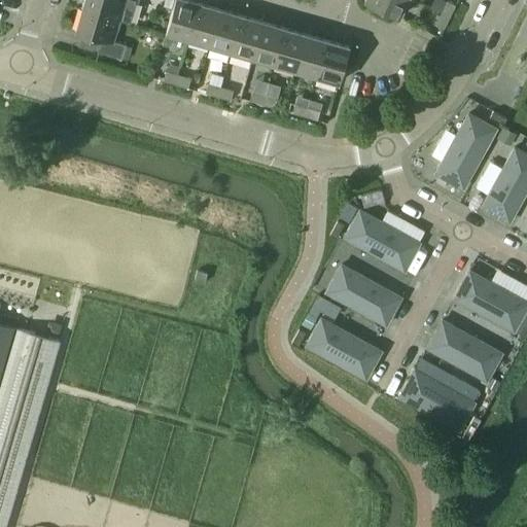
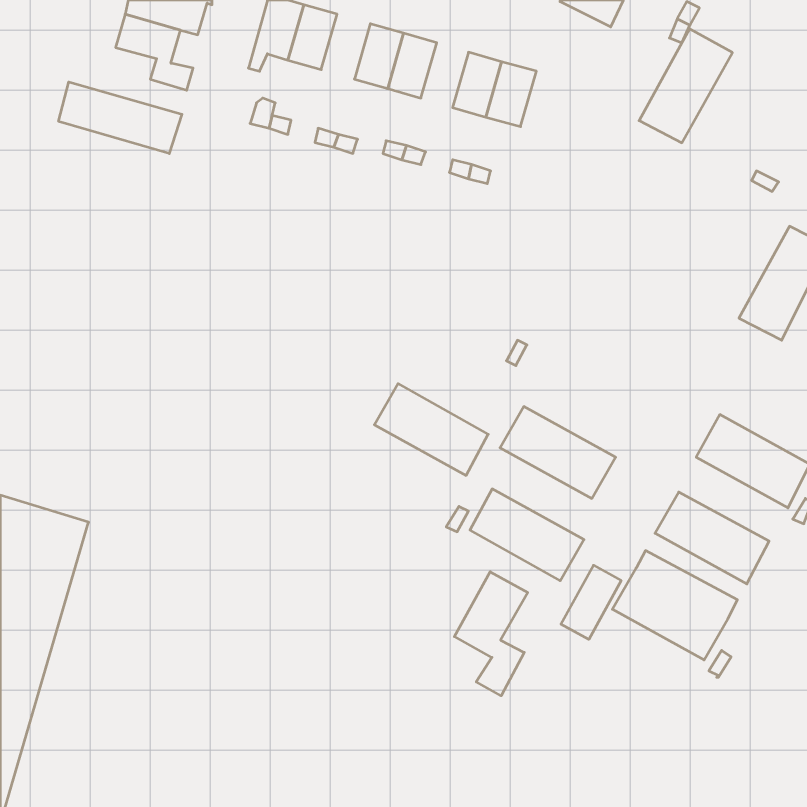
building: [210,10,242,52] -> none
building: [275,29,306,71] -> none
building: none -> [59,82,182,154]
building: [435,114,496,188] -> [639,29,732,143]
building: [345,211,419,271] -> [374,384,488,475]
building: none -> [561,565,621,639]
building: none -> [454,572,528,696]

